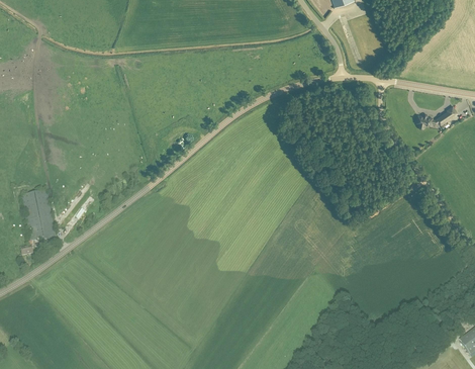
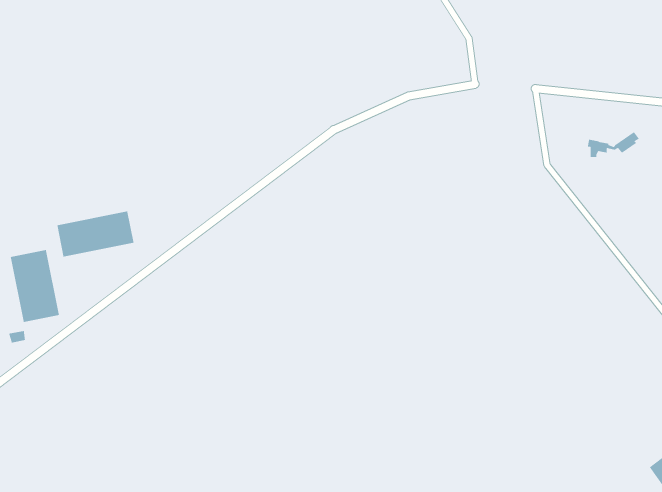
building: none -> [56,211,134,257]

